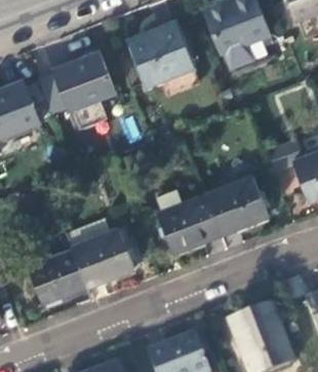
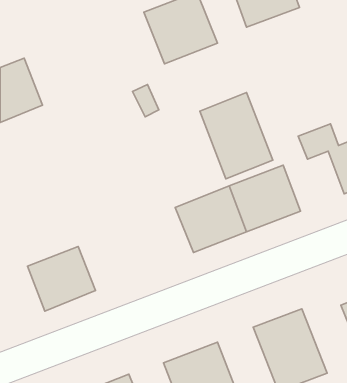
building: [39,51,115,114] -> none
building: none -> [200,92,273,179]
building: [65,218,135,288] -> none

